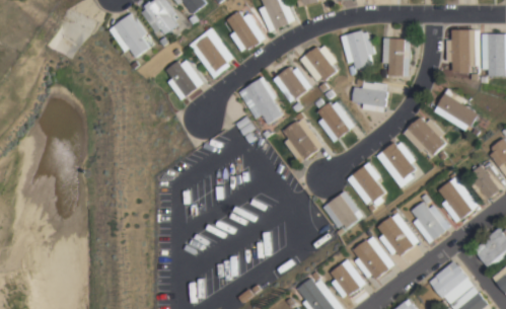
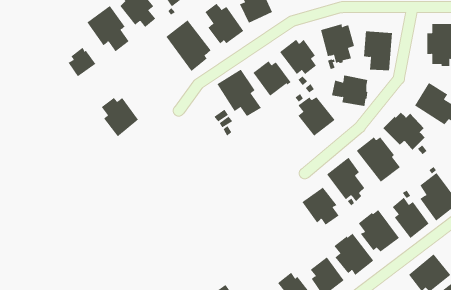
building: none -> [68,47,96,77]
building: [163,60,201,99] -> [101,97,139,137]
building: [283,119,323,164] -> none

